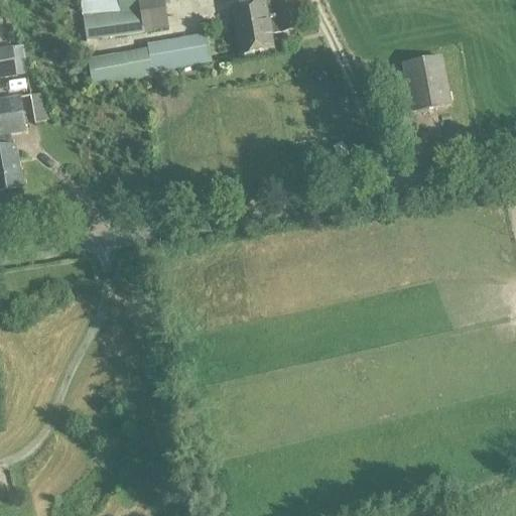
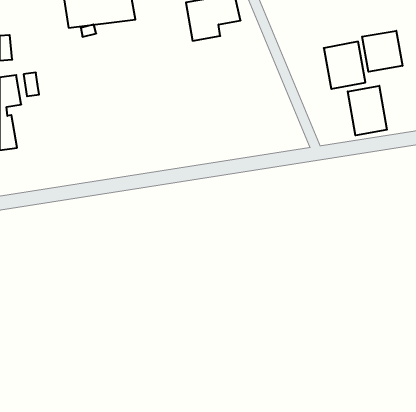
building: [88,37,213,92] -> none
building: none -> [362,31,402,72]
building: none -> [348,86,387,135]

